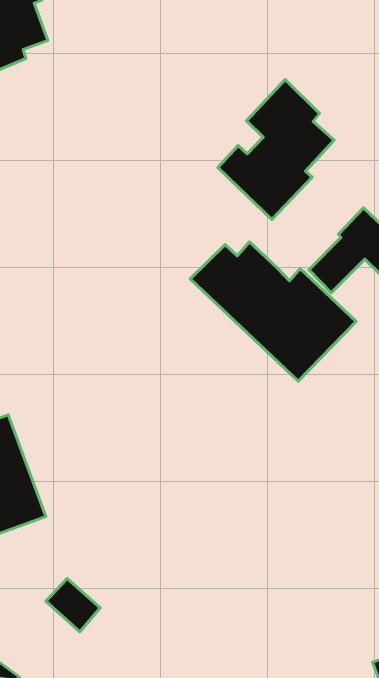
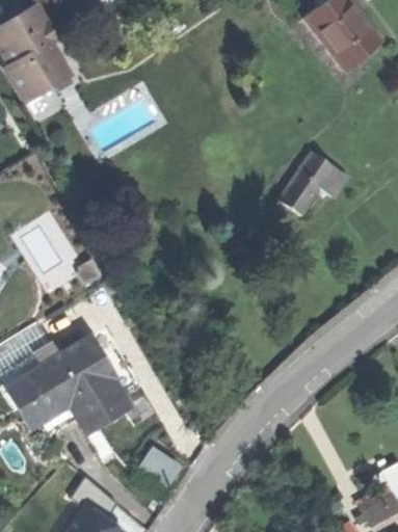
building: [218,80,334,220] -> none
building: [190,242,356,381] -> none

